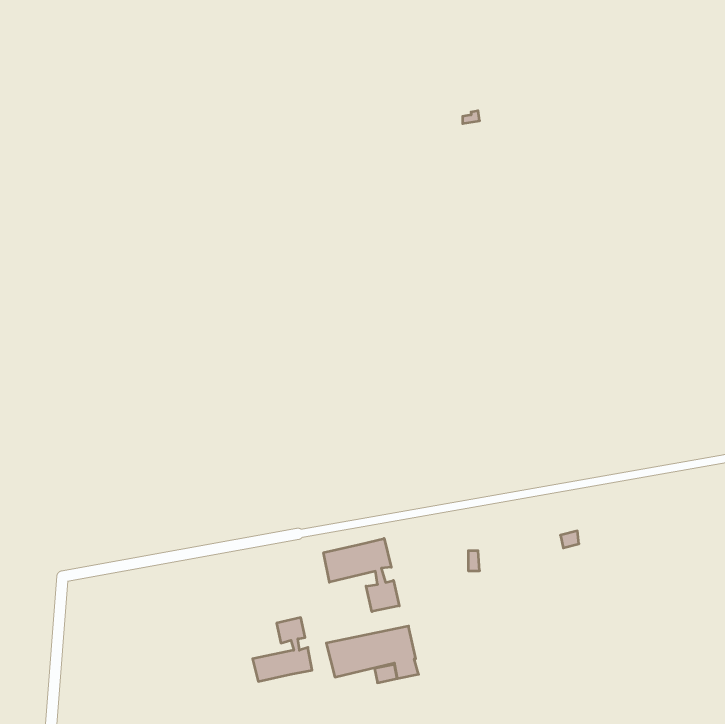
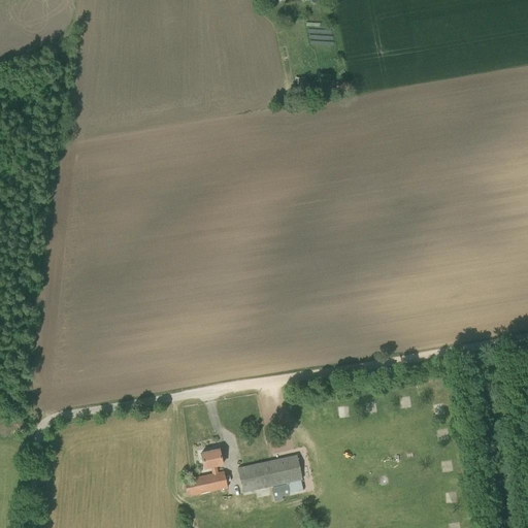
building: [324,538,399,612] -> none

